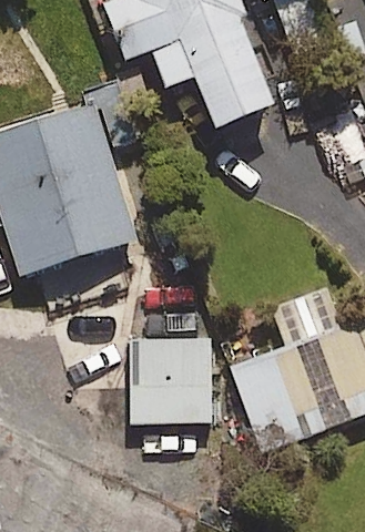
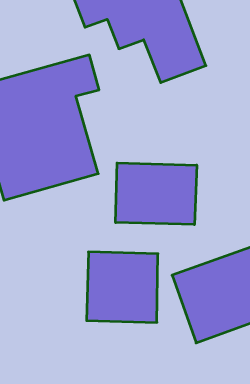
building: none -> [116,163,197,225]

